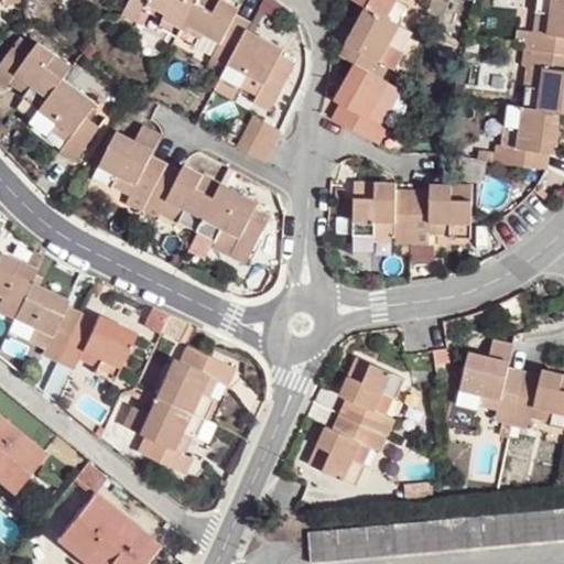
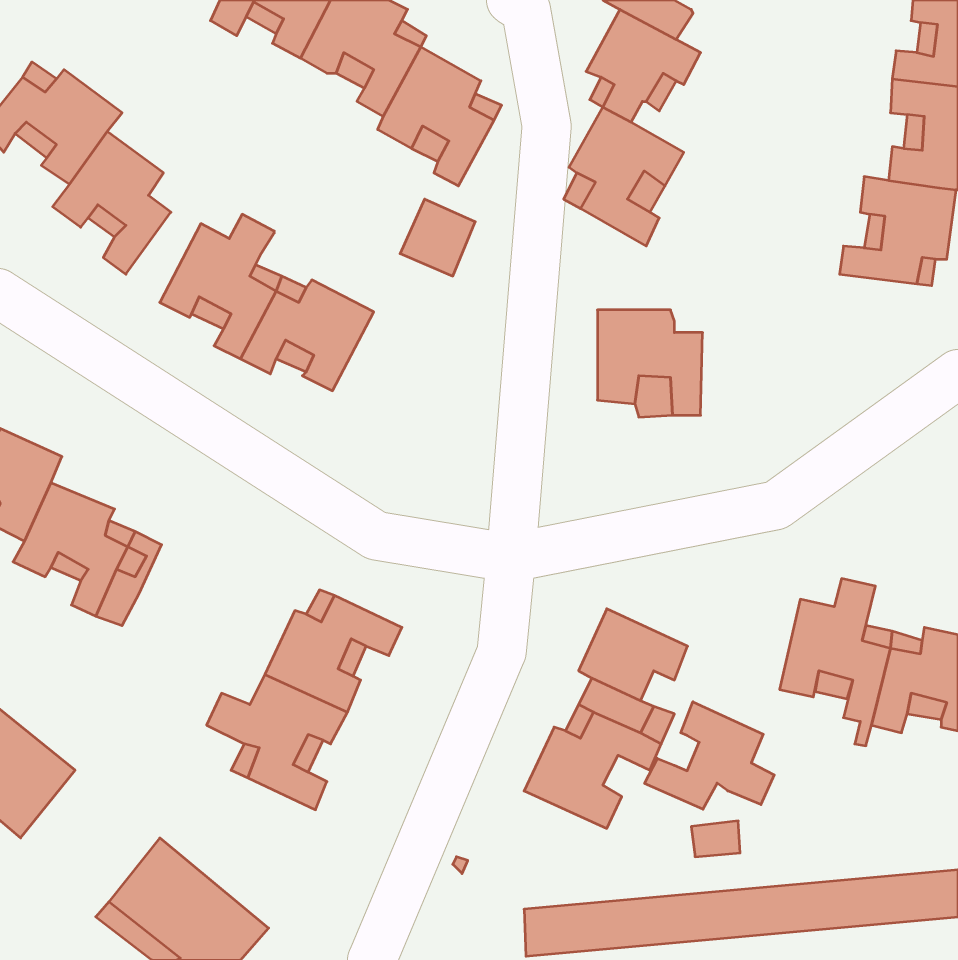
building: [411,182,470,243] -> none
building: [194,183,264,263] -> none
building: [82,314,135,379] -> none
building: none -> [645,702,774,809]

